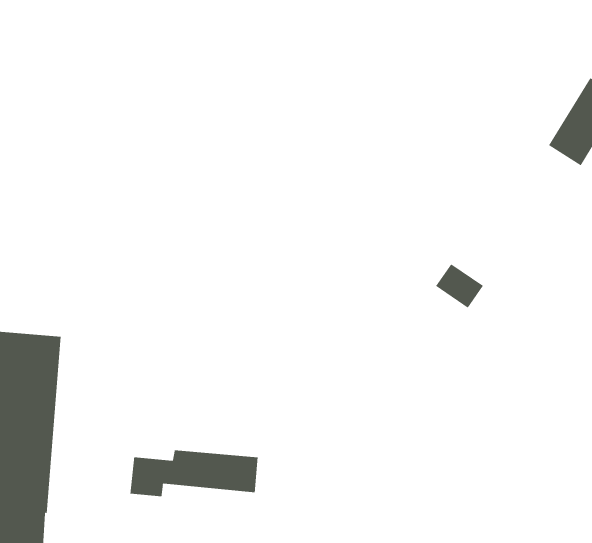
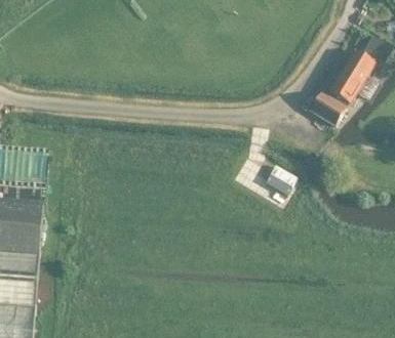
building: none -> [310,93,347,126]
building: [130,449,258,497] -> none

